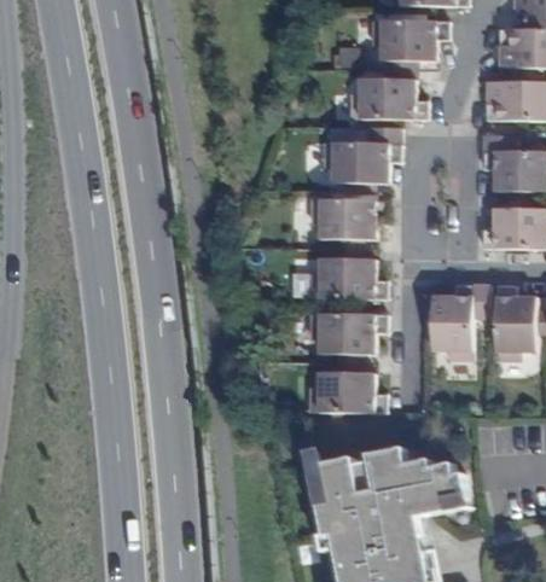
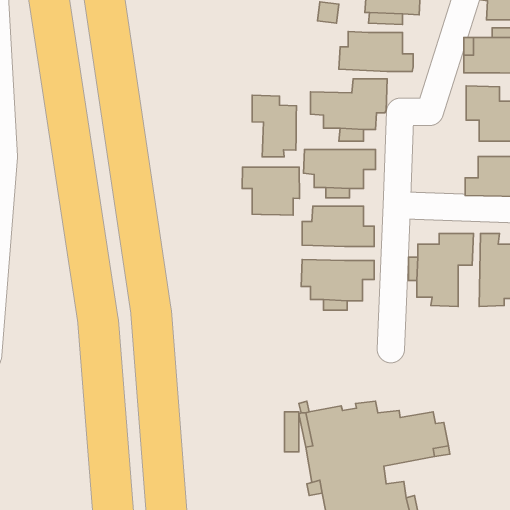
building: none -> [252,95,296,157]
building: none -> [242,167,300,215]
building: [309,371,385,412] -> none

